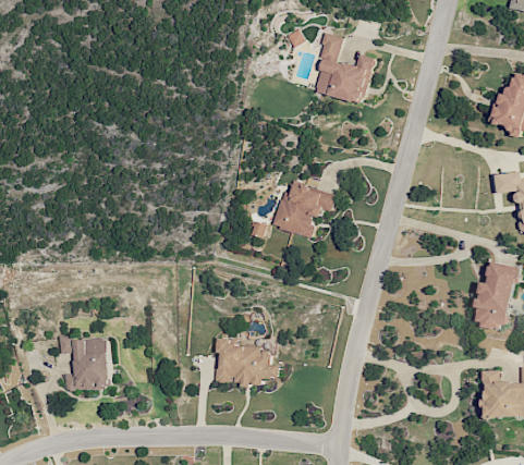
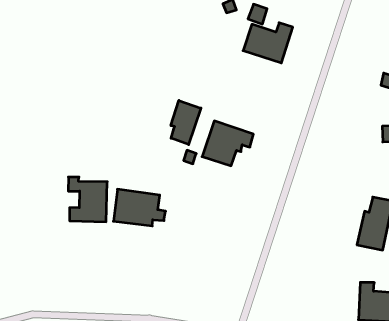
building: none -> [171,100,201,145]
building: [59,334,110,390] -> [68,177,107,222]
building: [214,342,278,384] -> [113,189,166,226]

